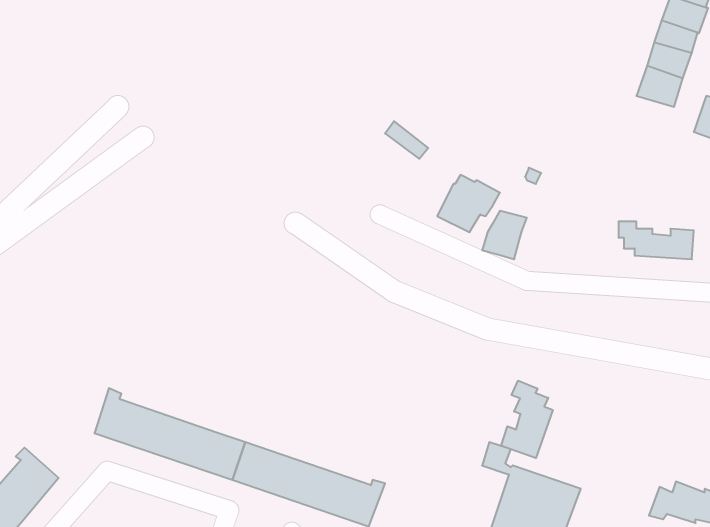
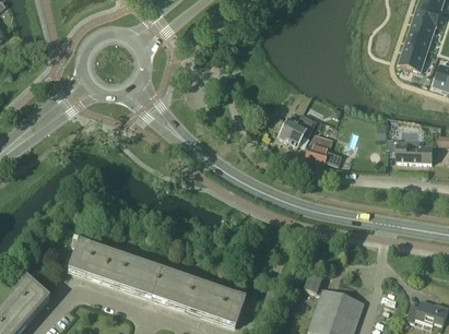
building: [501,381,553,458] -> none

